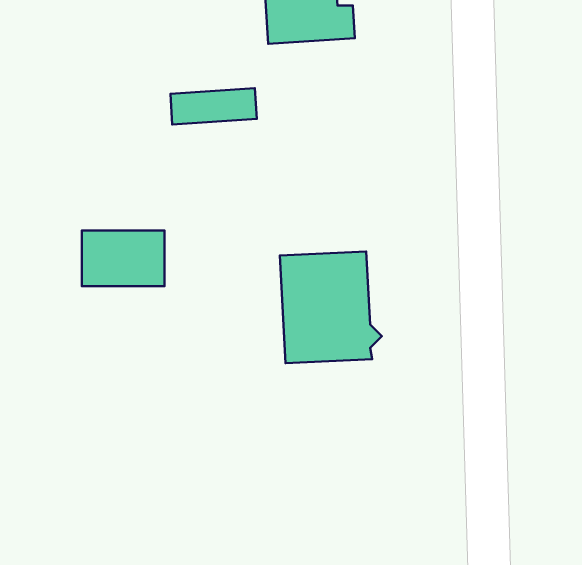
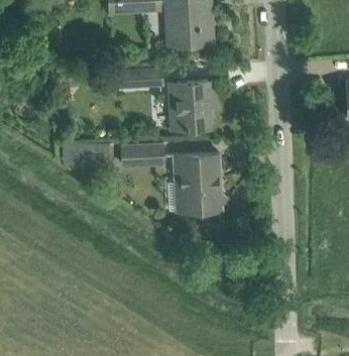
building: none -> [169,83,210,131]
building: none -> [121,145,163,166]

